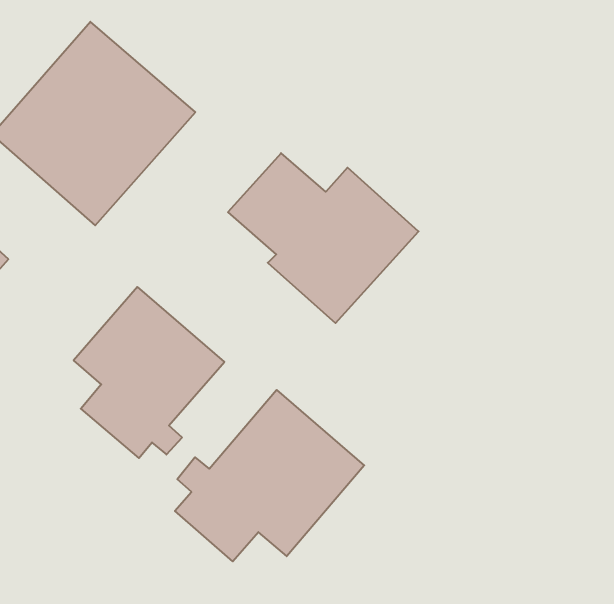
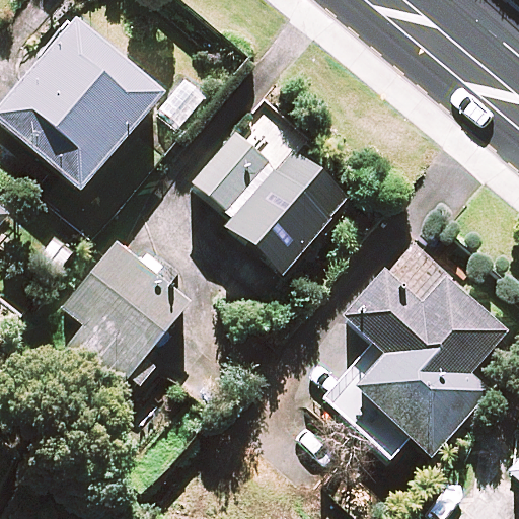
building: none -> [325,243,507,453]
building: [175,390,364,561] -> none

